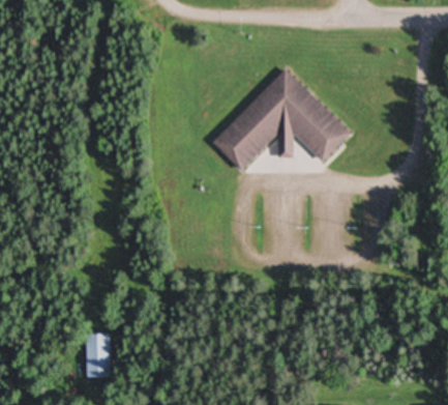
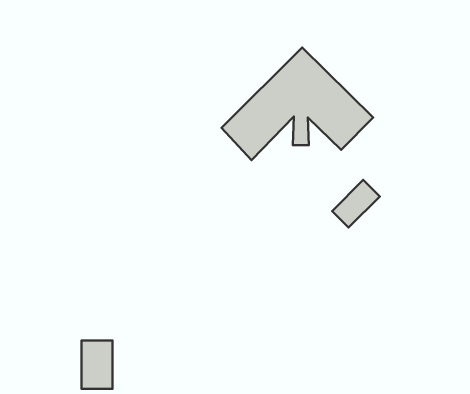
building: none -> [332,180,380,228]

